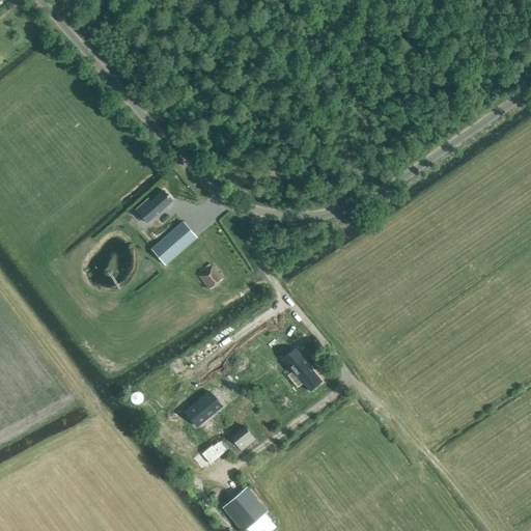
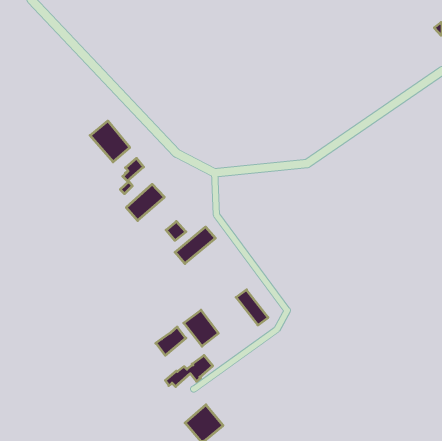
building: none -> [90,121,130,162]
building: none -> [175,227,215,264]
building: none -> [184,310,218,346]

